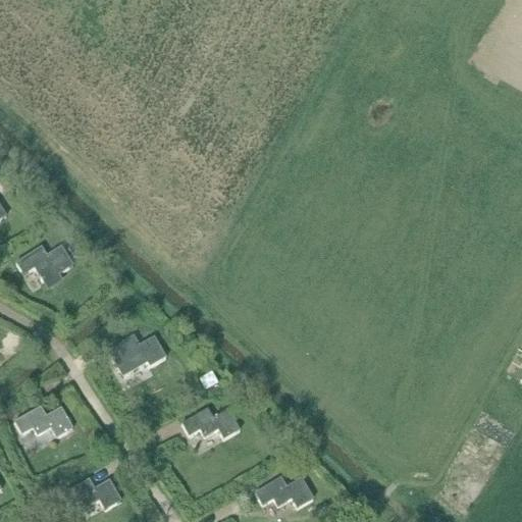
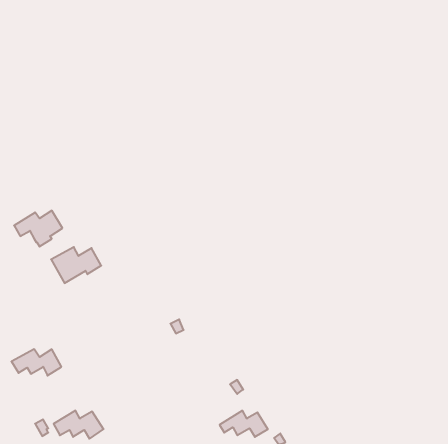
building: [108,334,166,376] -> [51,247,101,283]
building: [181,408,239,437] -> none

